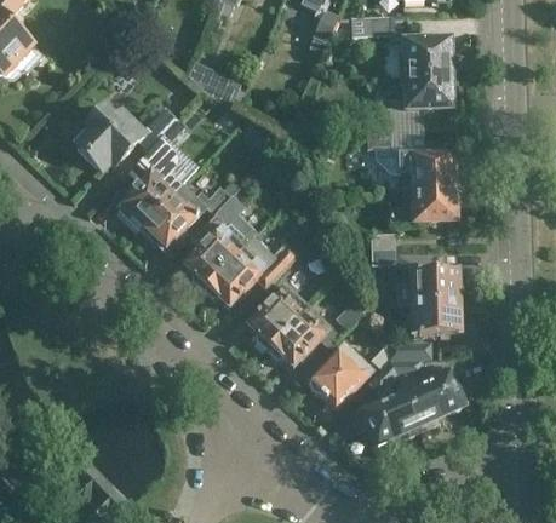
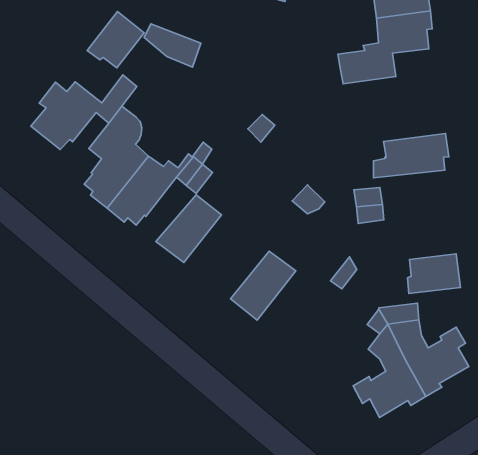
building: none -> [87,11,144,68]
building: [366,131,459,190] -> none
building: [206,235,297,308] -> none
building: [401,269,459,303] -> none
building: [269,303,332,368] -> none
building: [308,341,373,408] -> none

